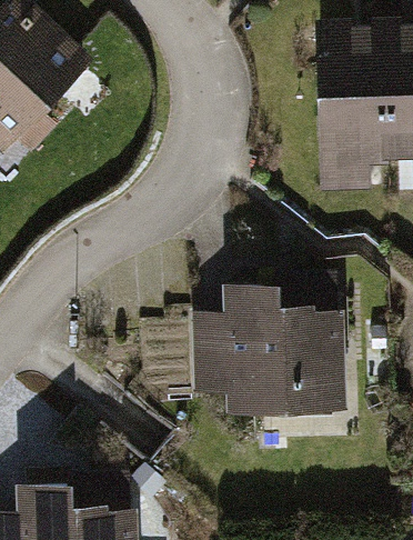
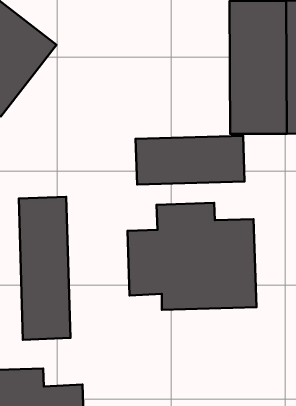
building: none -> [136,136,245,185]
building: none -> [19,197,70,340]

